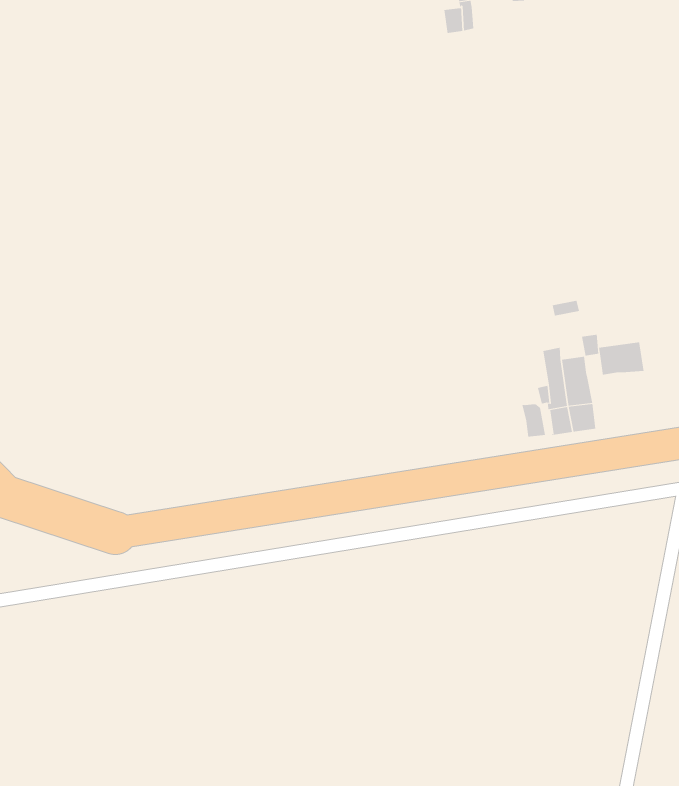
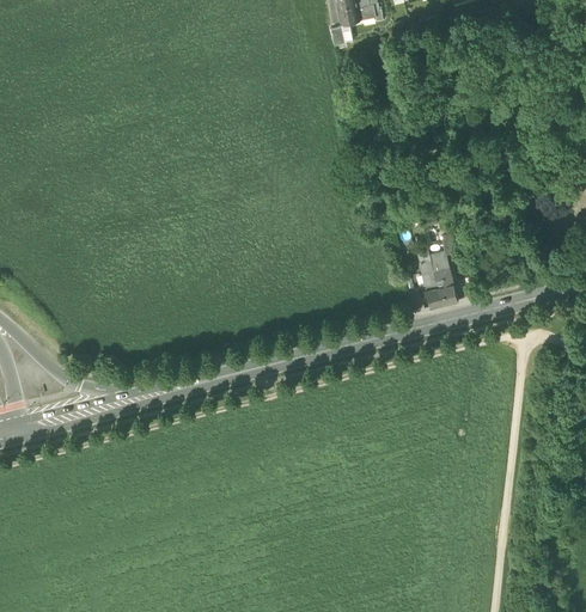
building: [599,342,644,375] -> none

